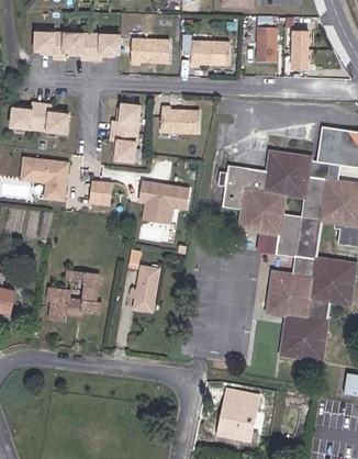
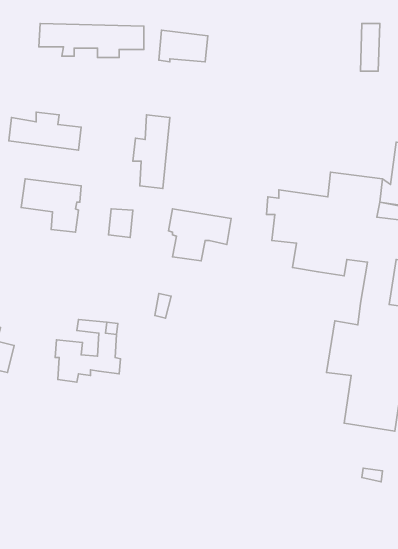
building: [256,27,277,61] -> none
building: [190,37,231,64] -> none
building: [159,110,199,134] -> none
building: [256,222,299,257] -> none
building: [133,266,159,312] -> none
building: [217,390,258,441] -> none

